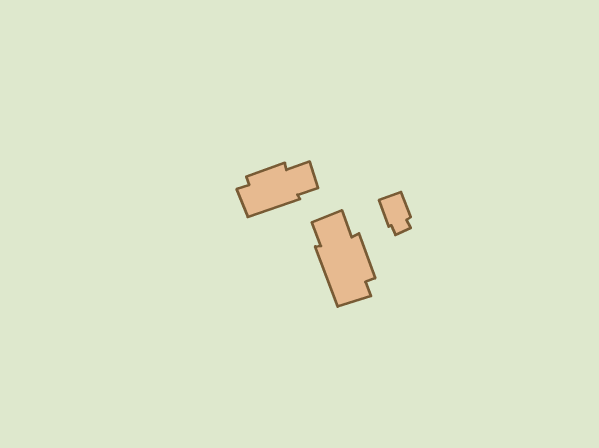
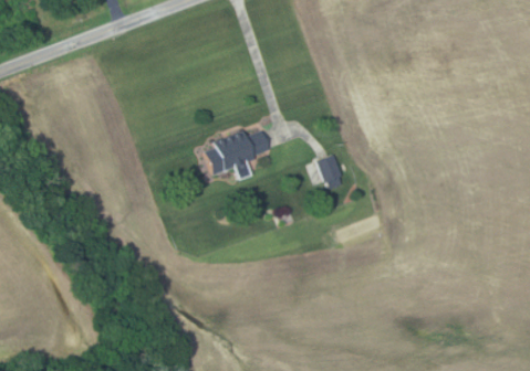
building: [312,210,375,307] -> none

